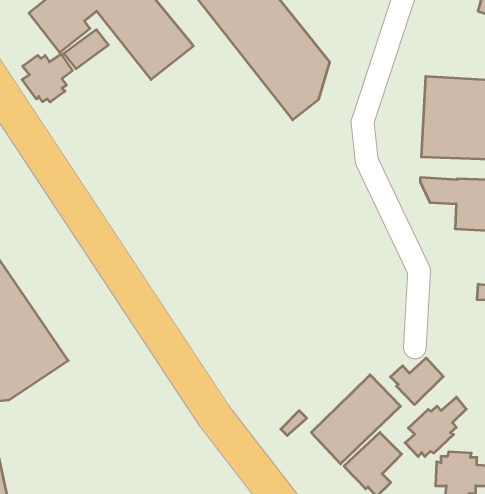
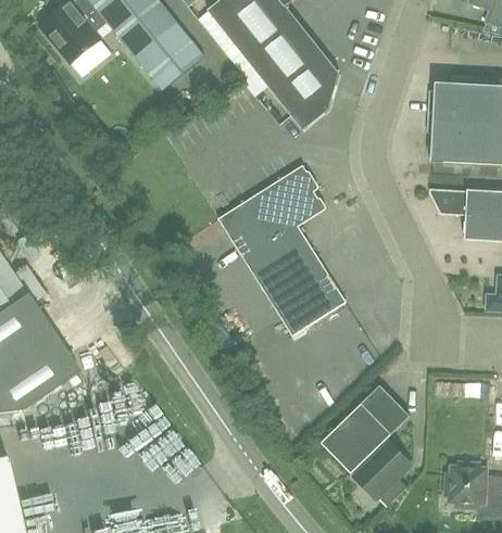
building: [22,54,72,102] -> none
building: none -> [218,164,347,335]
building: [390,358,443,405] -> none
building: [405,397,466,457] -> none

